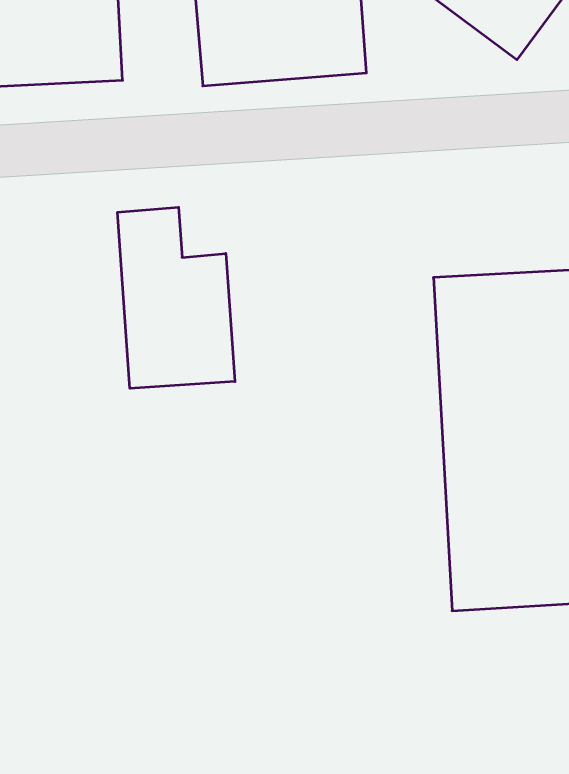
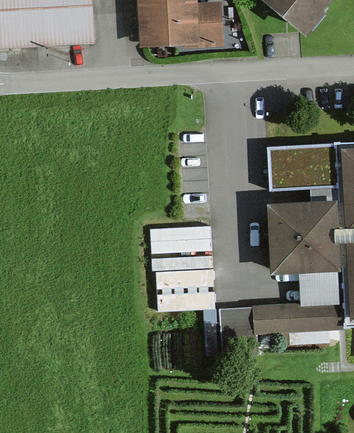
building: [118,207,235,388] -> none
building: none -> [155,222,258,339]

